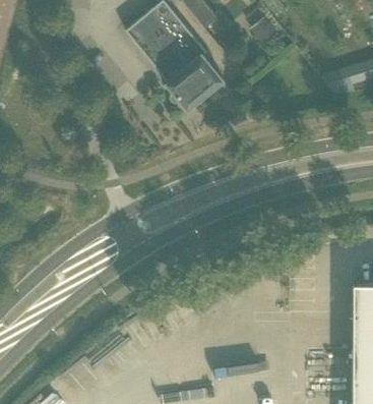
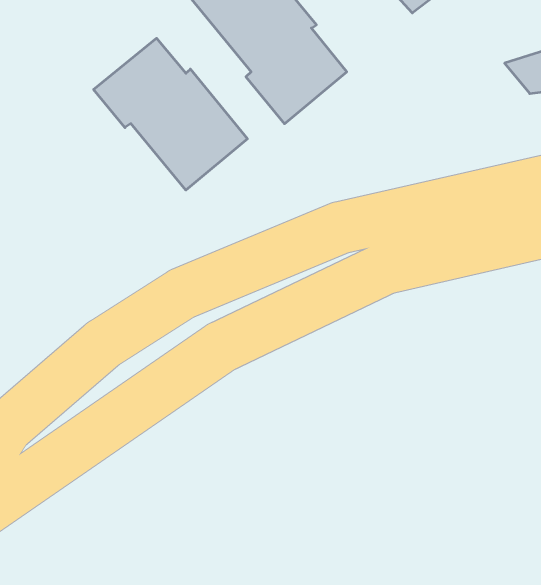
building: none -> [94,38,247,190]

